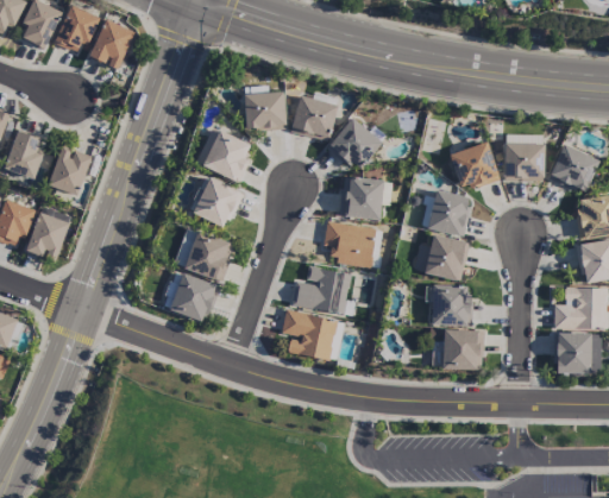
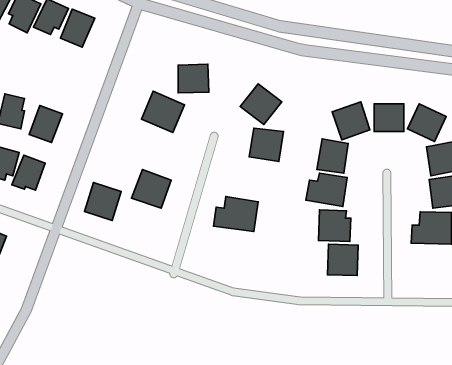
building: [290,94,338,140] -> none
building: [189,177,241,227] -> none
building: [324,221,376,265] -> none
building: [170,272,219,322] -> [84,183,121,220]
building: [281,309,337,359] -> none
building: [554,332,601,372] -> none

